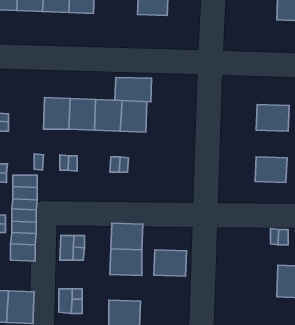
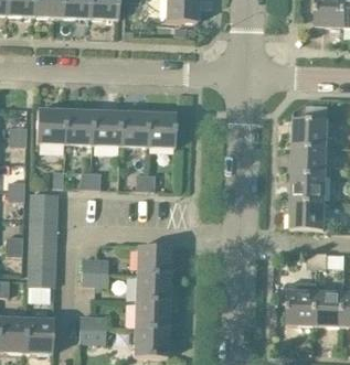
building: [115,77,152,102] -> none
building: none -> [36,108,65,143]
building: none -> [294,144,328,174]
building: none -> [291,200,326,229]
building: [154,250,187,276] -> [135,300,170,329]
building: none -> [288,290,317,324]

